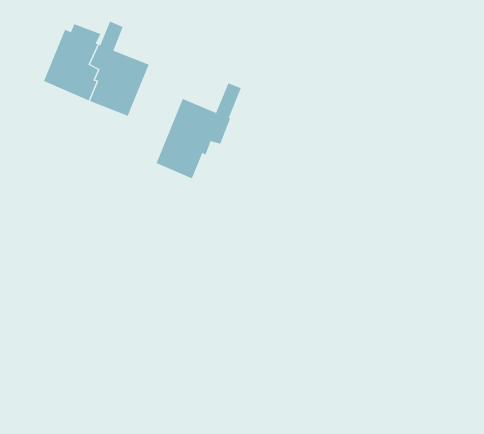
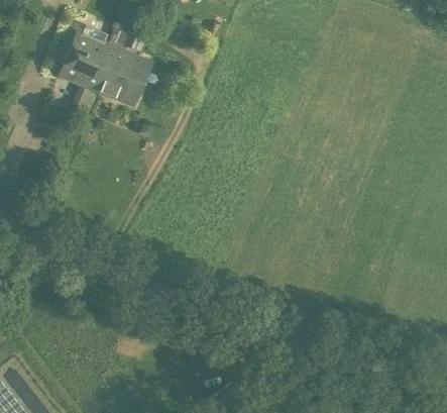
building: [156,82,242,179] -> none

